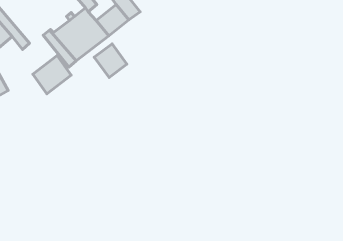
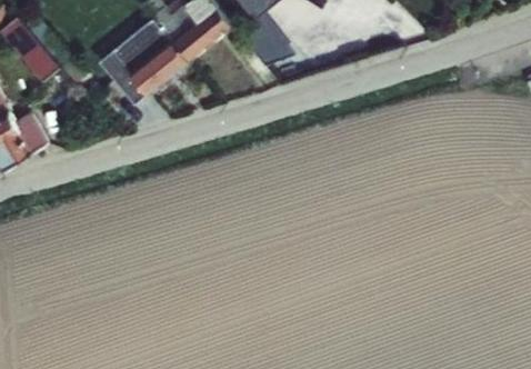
building: [94,44,127,78] -> none
building: [33,56,71,94] -> none

